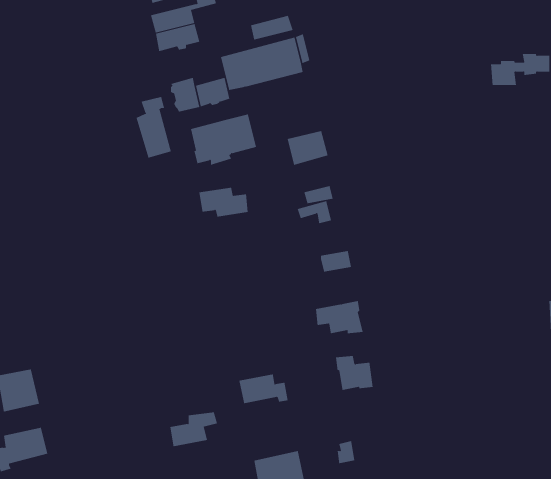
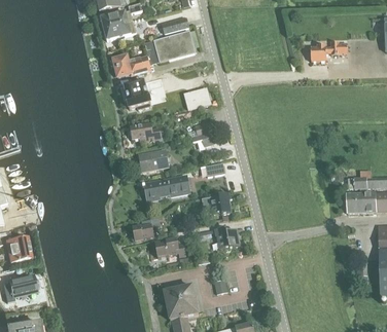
building: [136,96,171,158] -> none
building: none -> [138,150,168,171]
building: none -> [142,176,189,200]
building: [170,412,218,447] -> [130,219,160,241]

